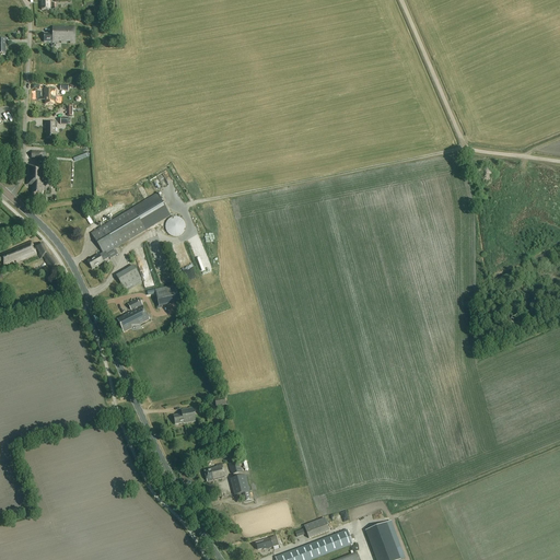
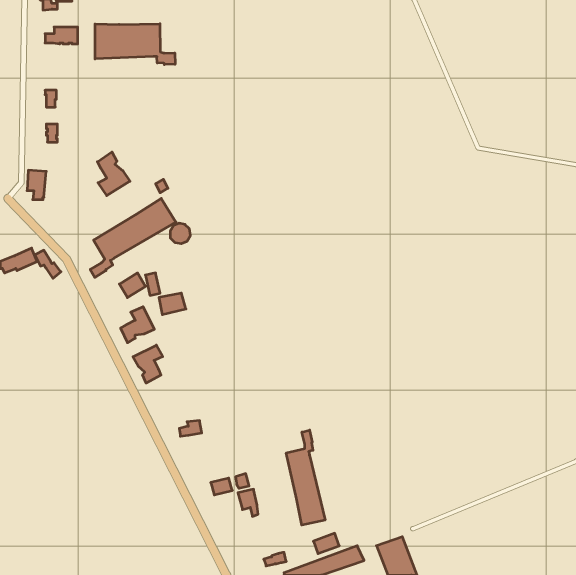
building: none -> [95,24,175,65]
building: none -> [97,152,130,196]
building: none -> [133,345,163,383]
building: none -> [286,430,325,525]

